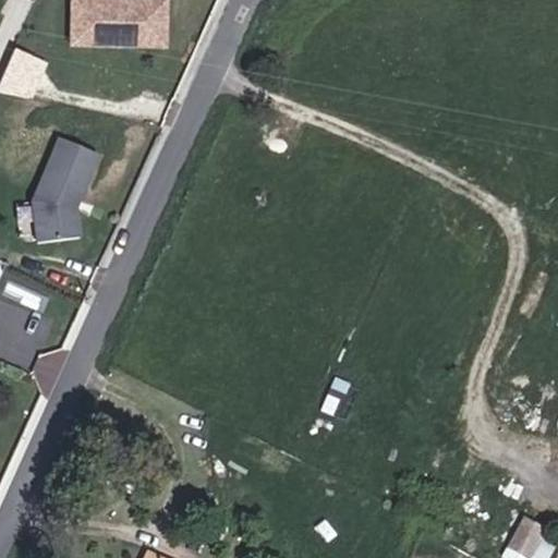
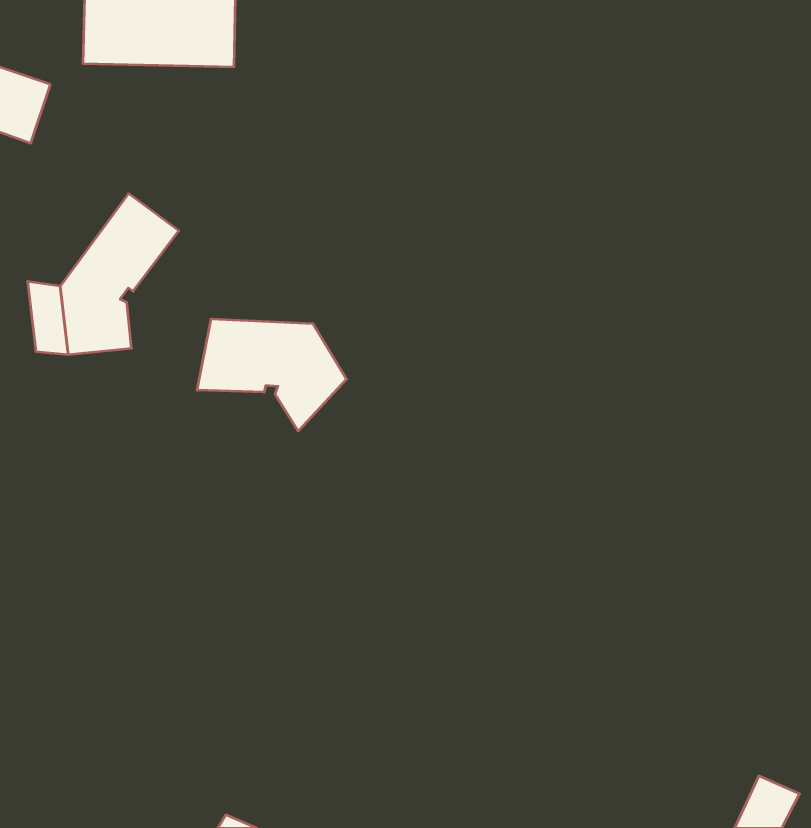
building: none -> [197,319,347,431]

